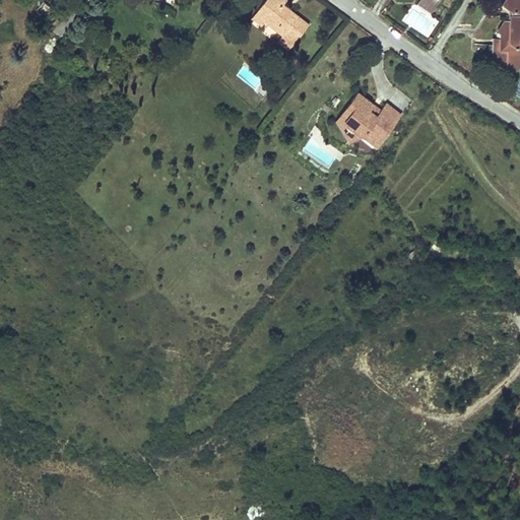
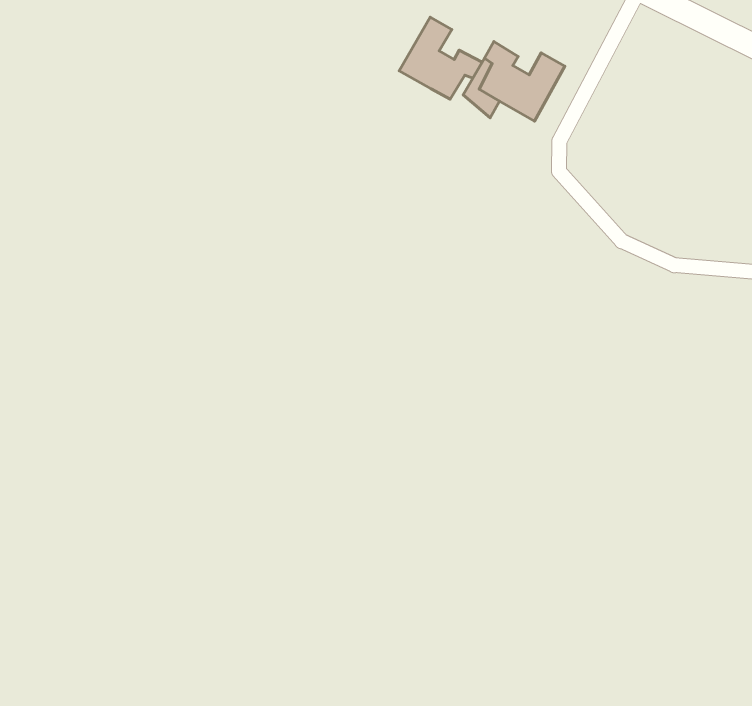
building: none -> [399,17,482,99]

